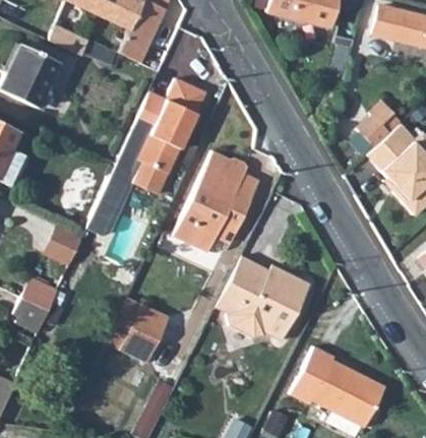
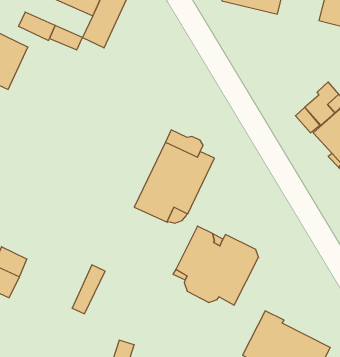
building: [87,78,206,236] -> none
building: [43,224,83,266] -> none
building: [120,304,170,363] -> none

